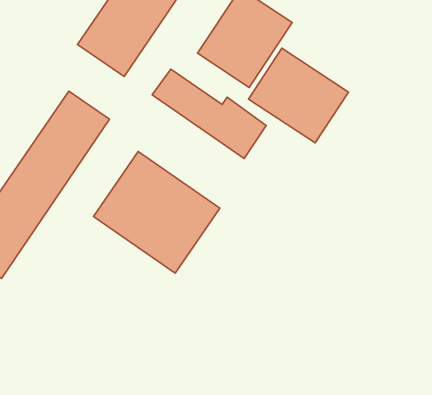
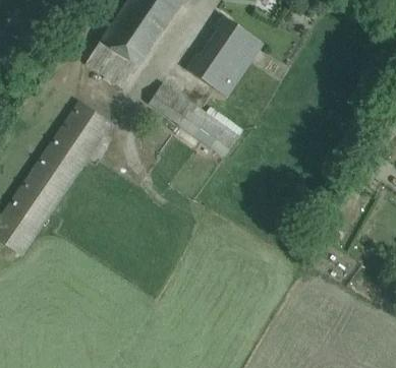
building: [249,48,348,143] -> none
building: [94,152,220,273] -> none

